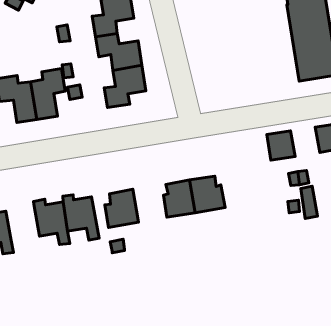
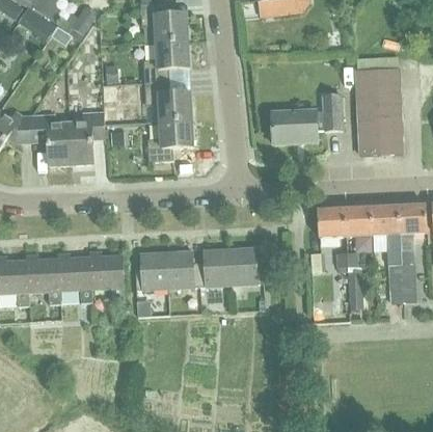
building: none -> [271,93,342,144]
building: none -> [344,207,373,236]
building: none -> [166,250,199,288]
building: none -> [26,253,60,304]

